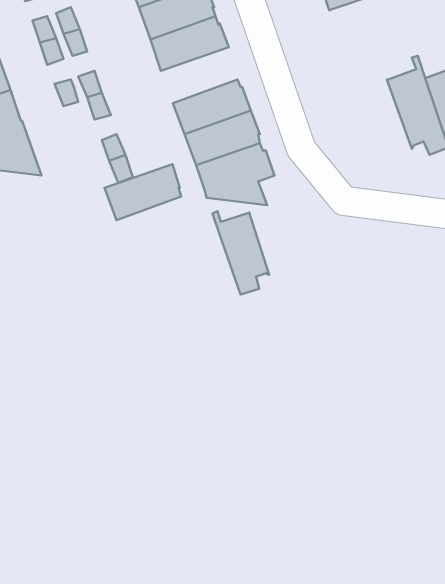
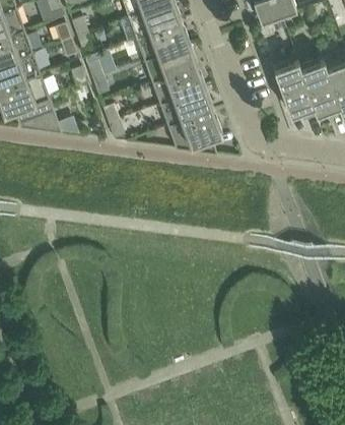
building: none -> [273,51,317,119]
building: [105,164,181,220] -> [144,44,197,82]
building: [212,211,269,295] -> none

